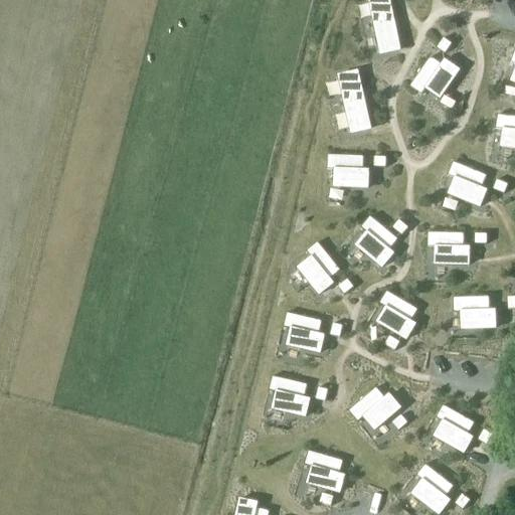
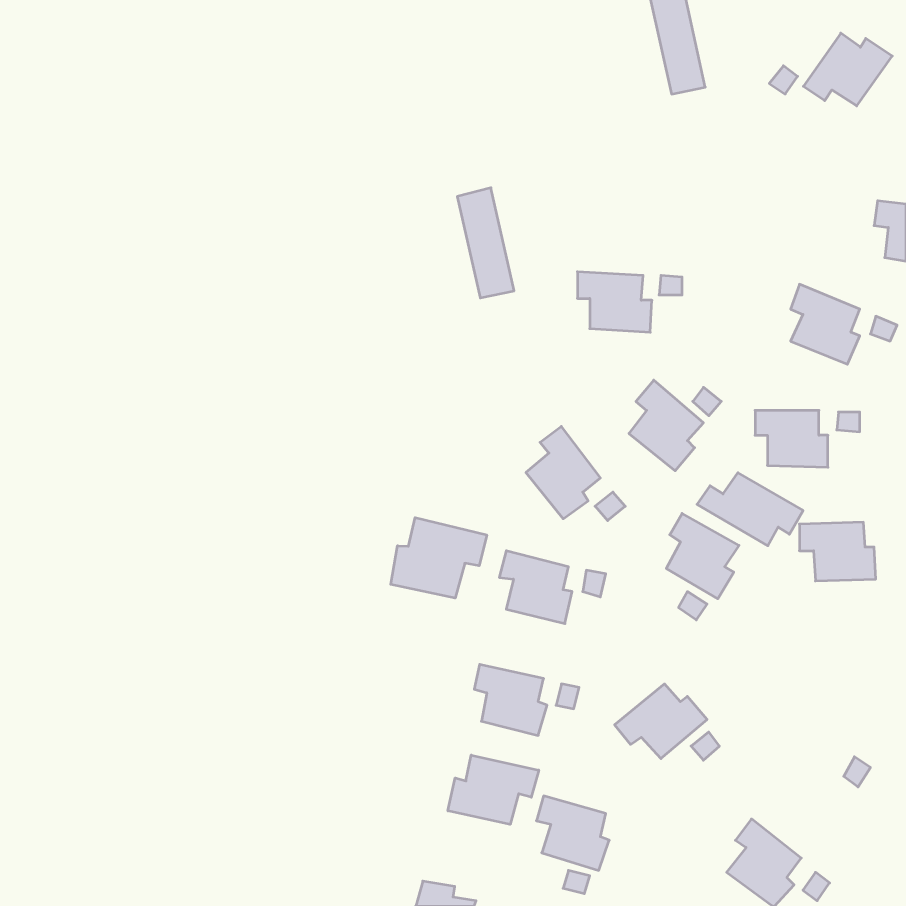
building: [409,56,460,98] -> [803,33,892,106]
building: [338,70,370,133] -> [457,188,514,298]
building: none -> [697,473,803,546]
building: none -> [391,518,487,598]
building: [435,404,475,453] -> none
building: none -> [448,755,539,824]

